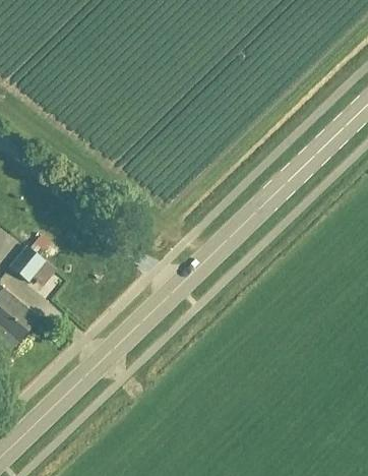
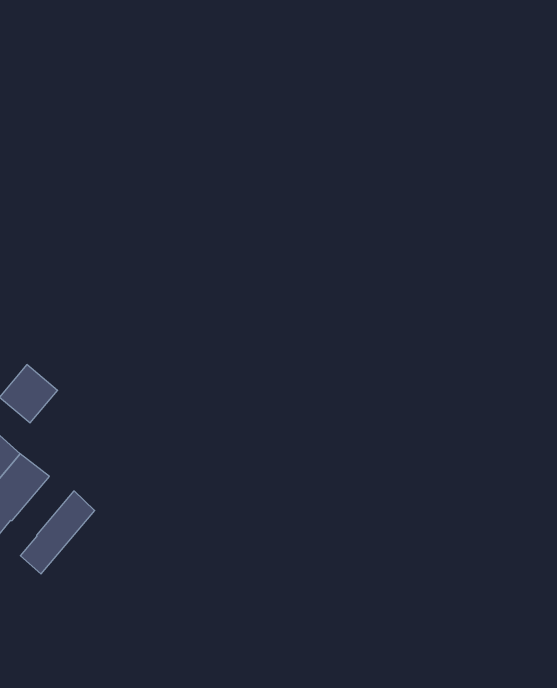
building: none -> [20,491,95,574]

